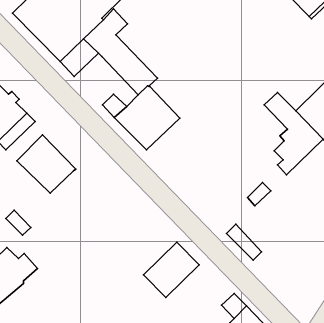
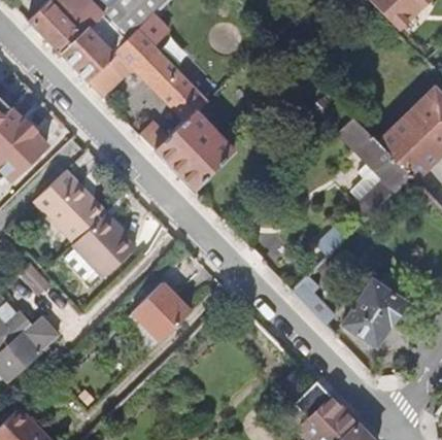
building: none -> [66,214,135,279]
building: none -> [342,278,405,344]
building: [143,242,199,297] -> [123,283,192,351]

